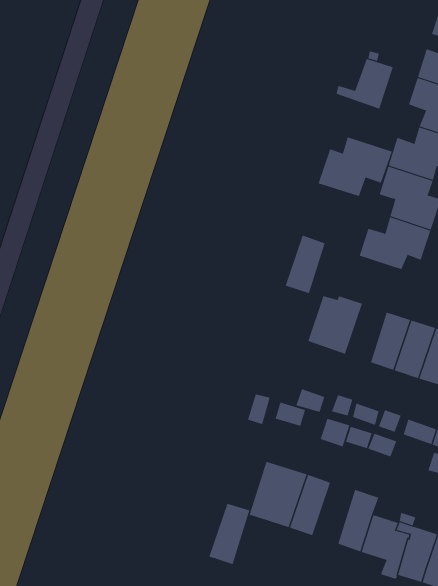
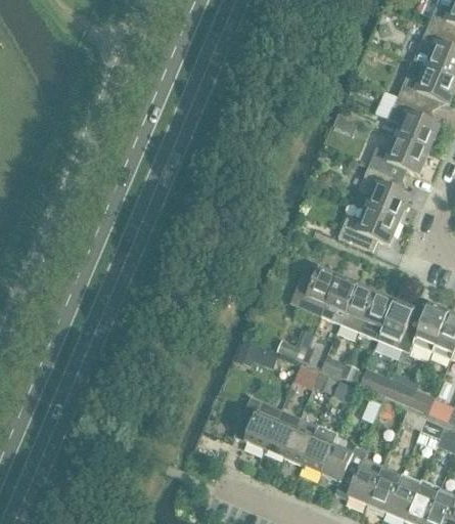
building: [336,58,393,110] -> none
building: [318,136,392,197] -> none
building: [285,235,326,294] -> [322,275,358,323]
building: [209,503,250,565] -> [283,418,320,468]

